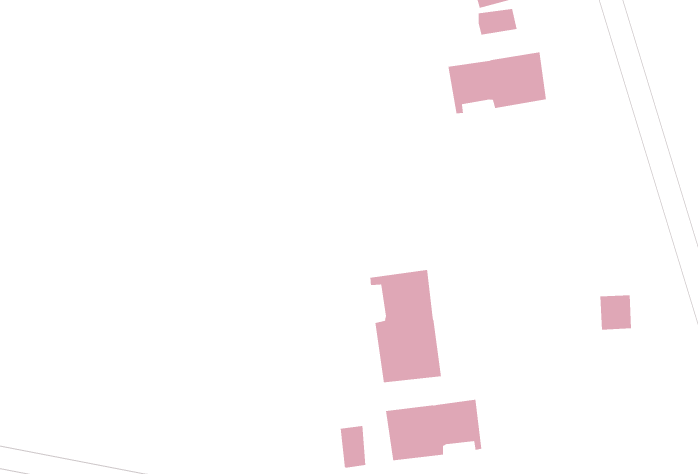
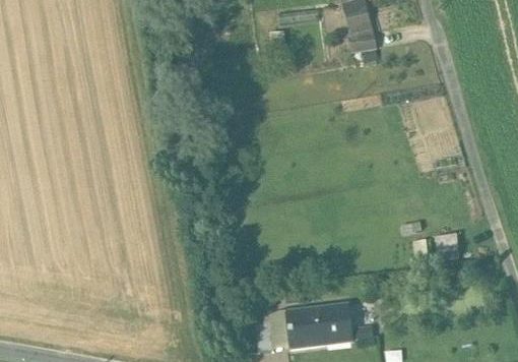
building: [448,51,547,114] -> none
building: [370,269,442,383] -> none

